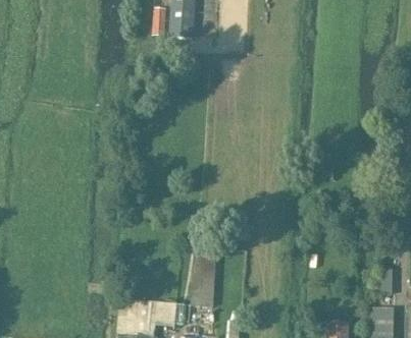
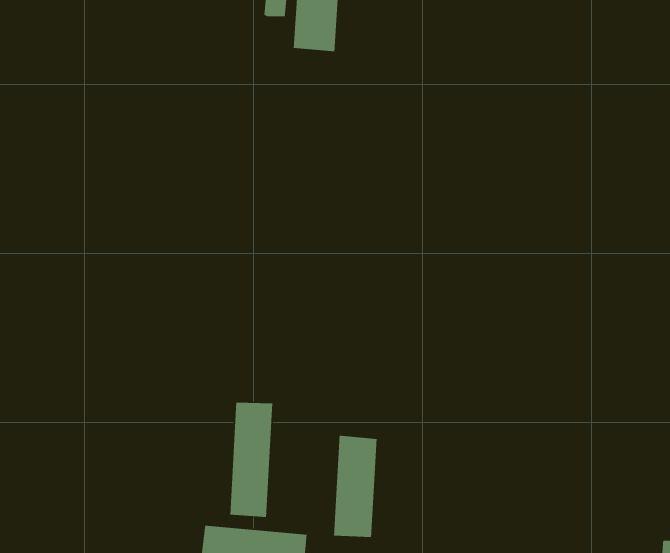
building: none -> [229,402,273,518]

